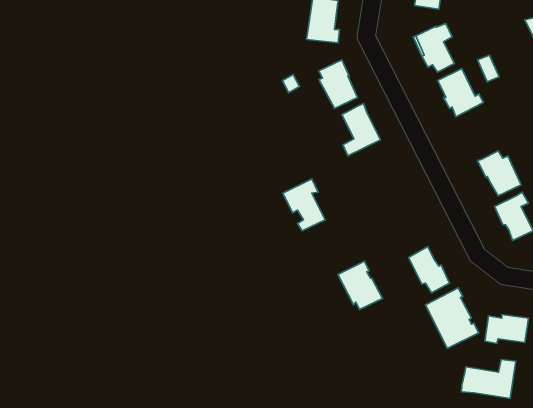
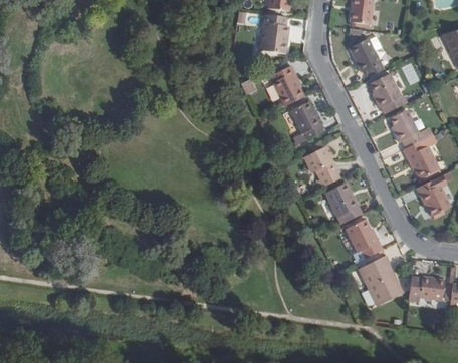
building: none -> [389,108,431,148]
building: [283,179,325,231] -> [302,145,337,189]
building: [338,261,383,310] -> [324,183,362,223]
building: [461,359,516,398] -> none

